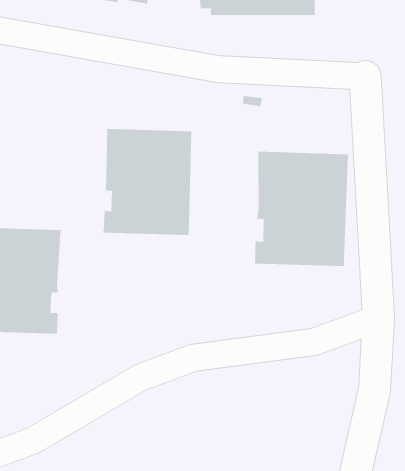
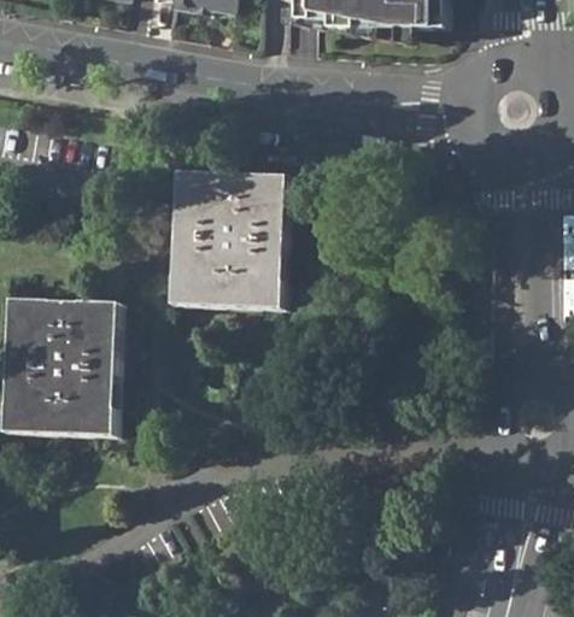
building: [254,151,348,267] -> none

